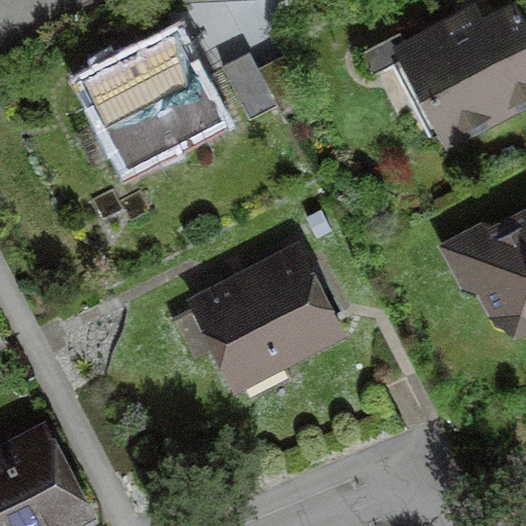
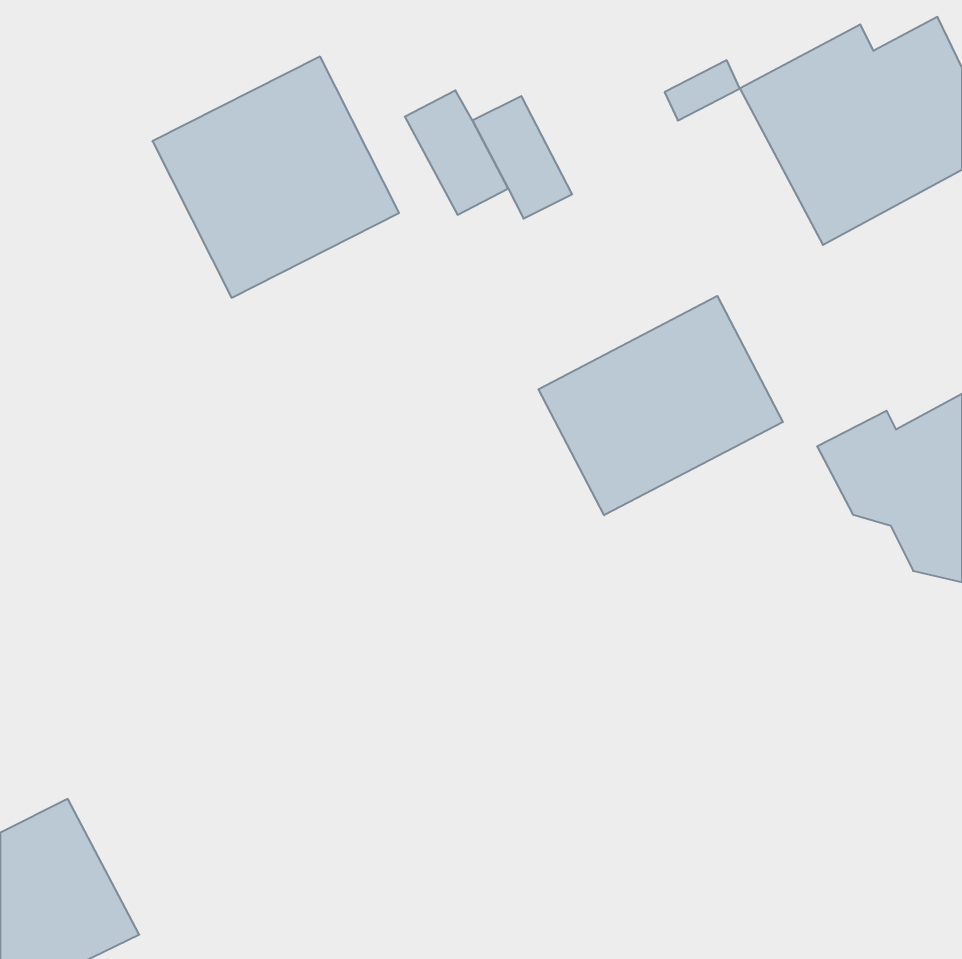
building: none -> [539,296,783,515]
building: [196,252,336,381] -> none

